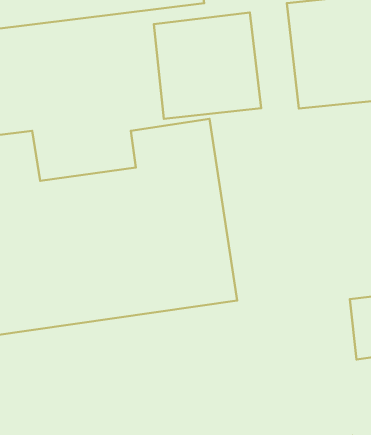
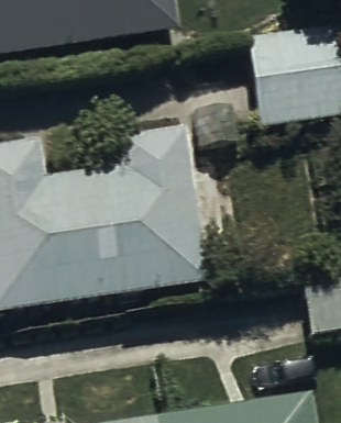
building: [154,13,261,119] -> none

